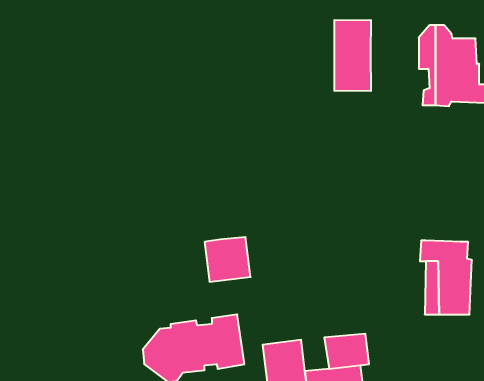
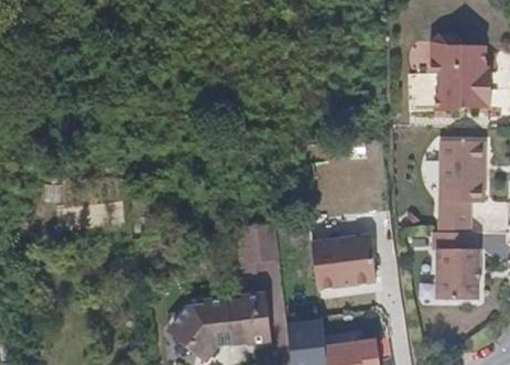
building: [334,20,371,91] -> none
building: none -> [436,136,482,229]
building: none -> [313,235,375,287]

